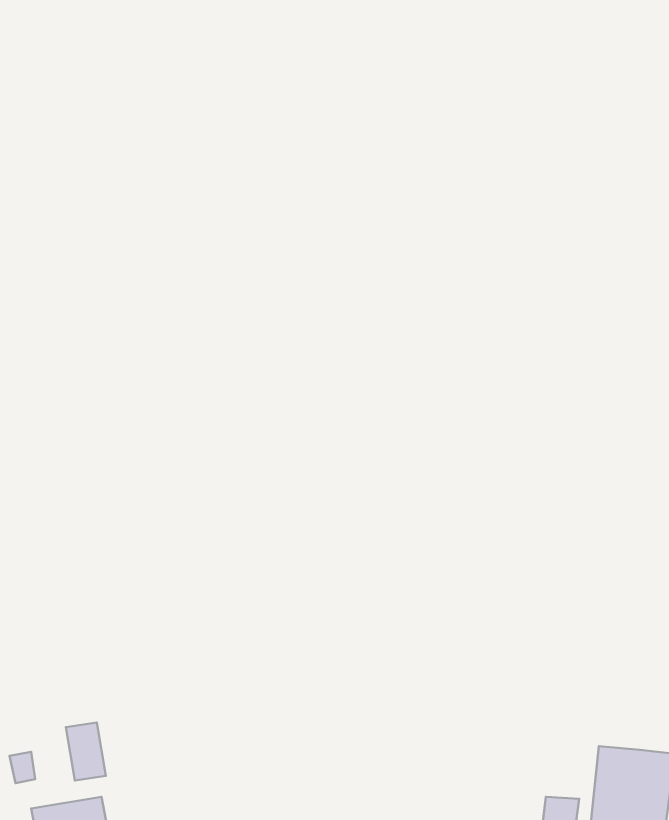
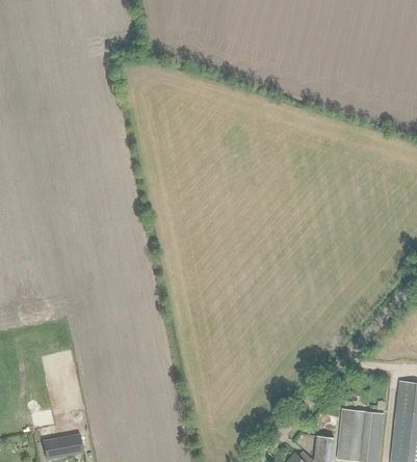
building: [66,723,106,781] -> none

